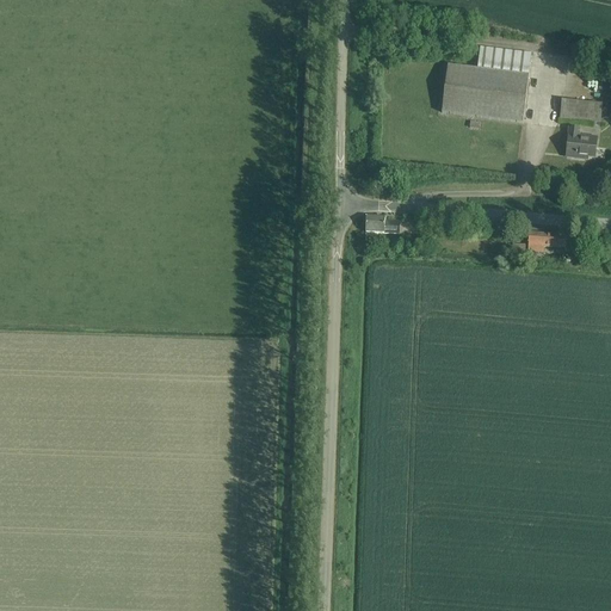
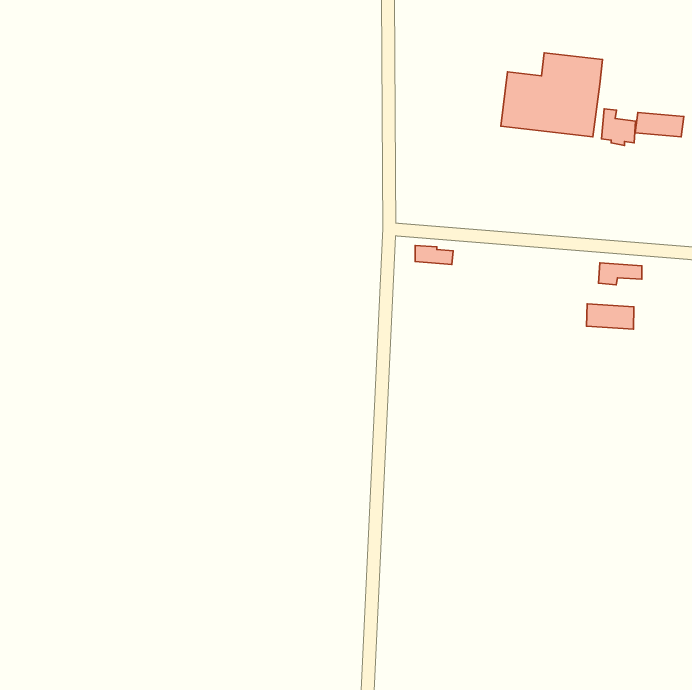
building: [566,126,595,159] -> [602,109,635,146]
building: none -> [587,304,634,329]

